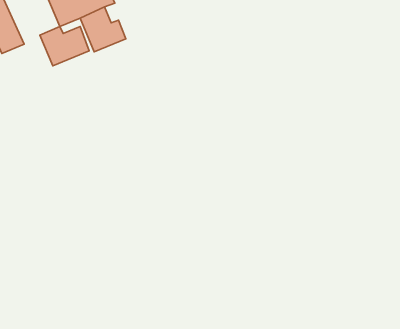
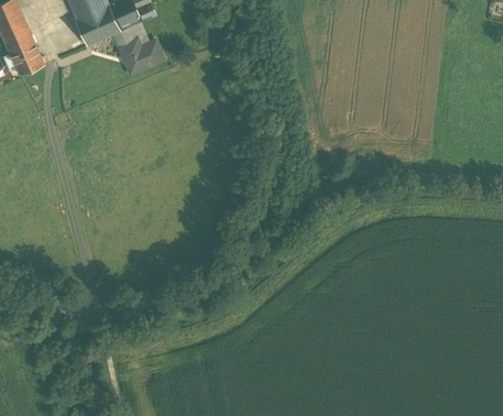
building: [40,26,89,66] -> none

